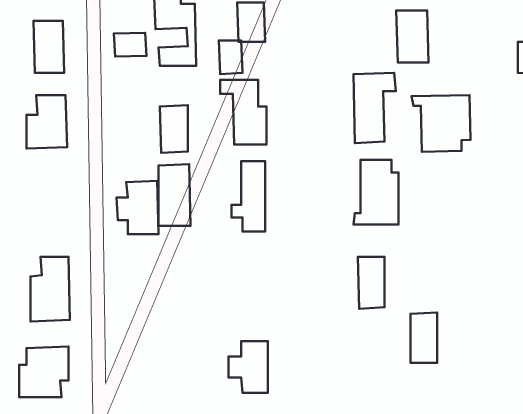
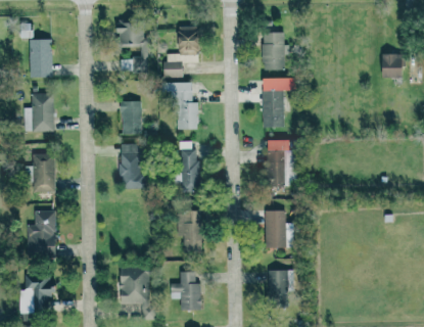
building: [396,11,429,63] -> [263,32,286,69]
building: [114,33,146,56] -> none
building: [412,95,470,152] -> none
building: [116,181,159,234] -> [26,153,56,192]
building: none -> [178,209,203,253]
building: [410,312,437,363] -> [269,270,288,307]
building: none -> [121,267,154,319]

